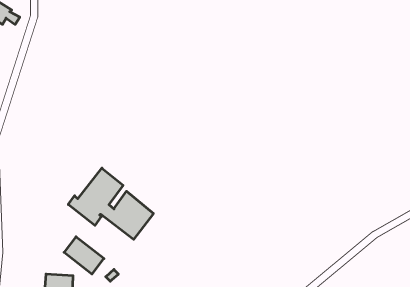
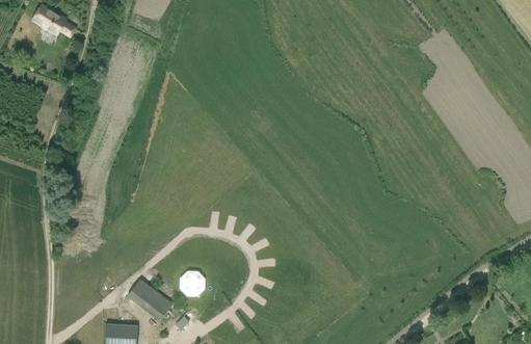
building: [68,168,153,239] -> none

